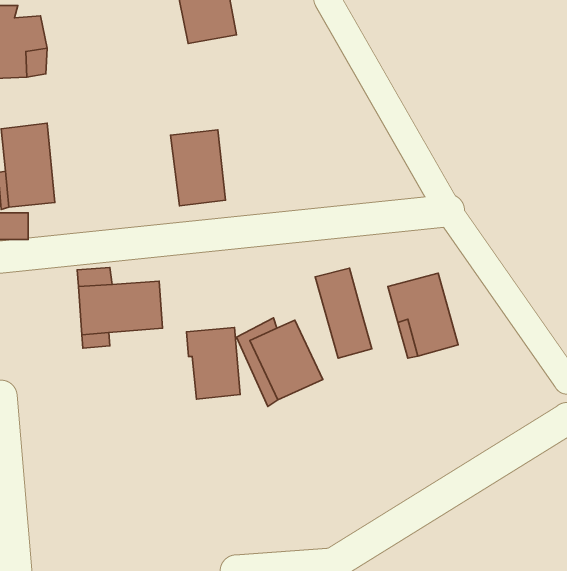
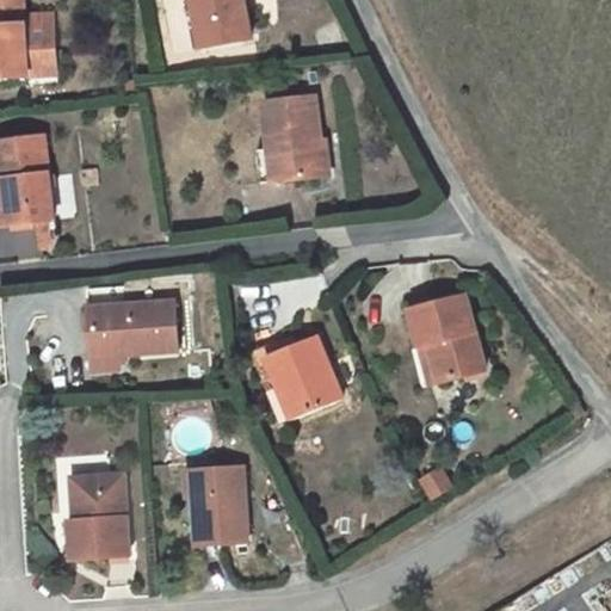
building: [171,130,226,206] -> [264,95,322,177]
building: [315,268,372,358] -> none
building: [186,327,240,399] -> [183,465,240,542]
building: none -> [70,479,130,558]

